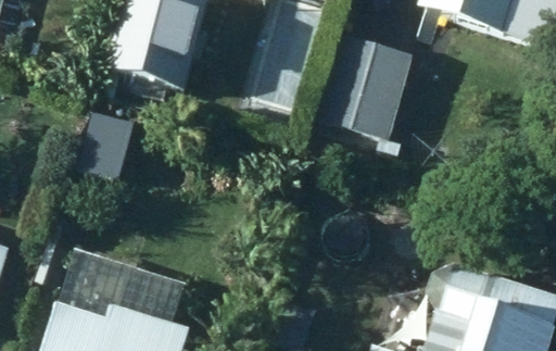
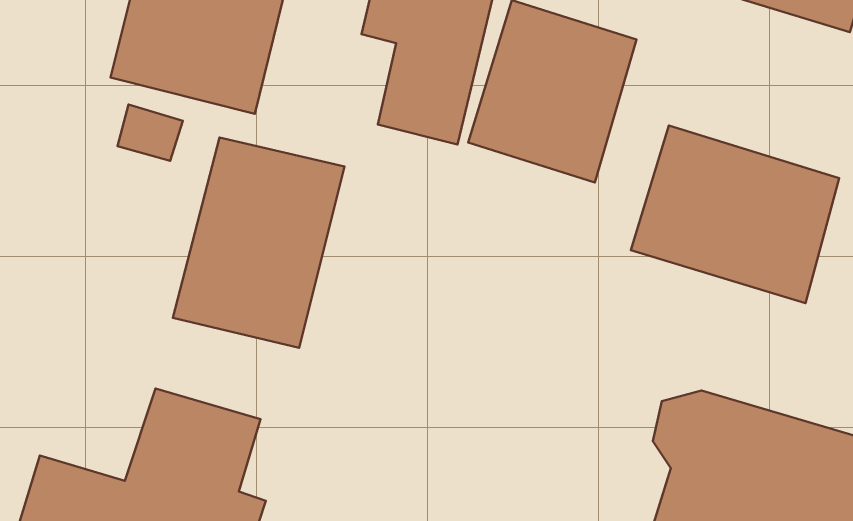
building: none -> [631,126,839,303]
building: none -> [173,138,344,348]

